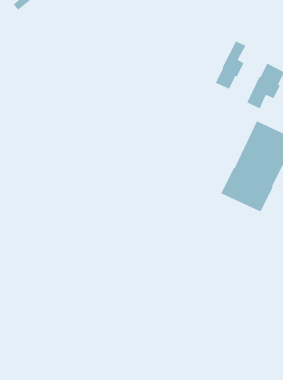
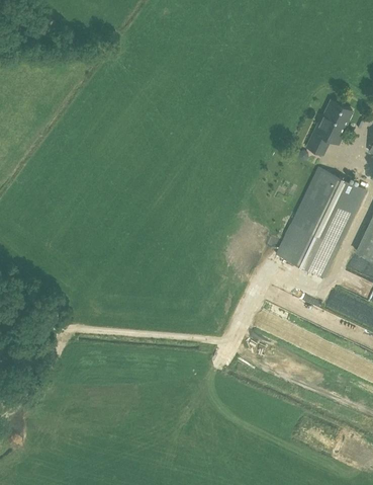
building: [215,40,246,90] -> none

